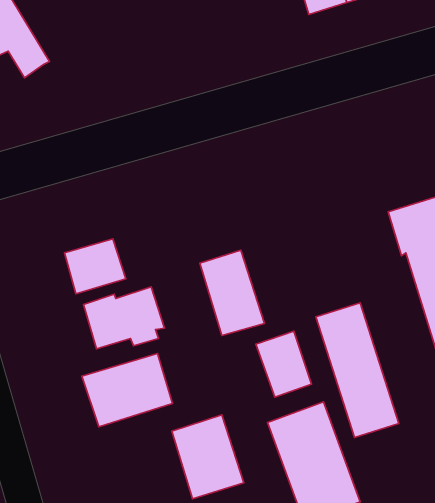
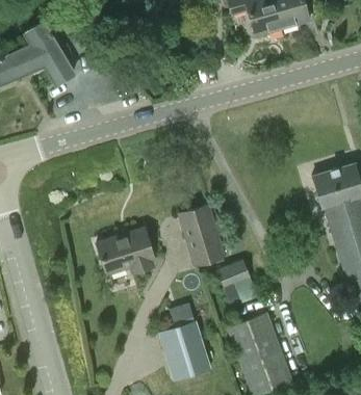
building: [64,239,126,294] -> none
building: [316,303,399,438] -> none
building: [82,354,173,427] -> none

